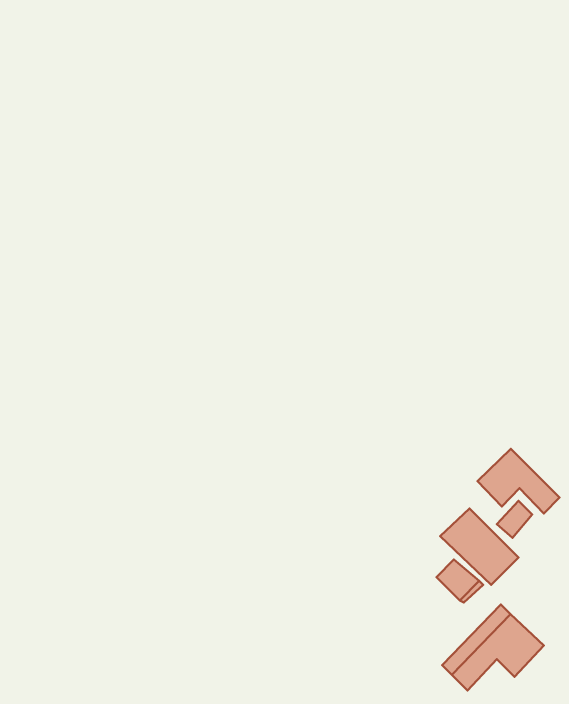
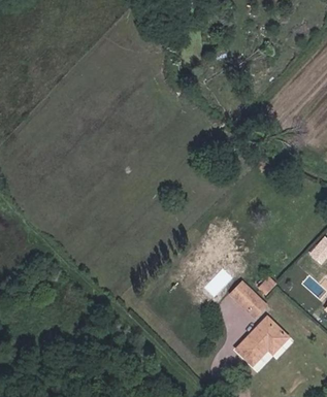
building: [478,449,559,514] -> none

